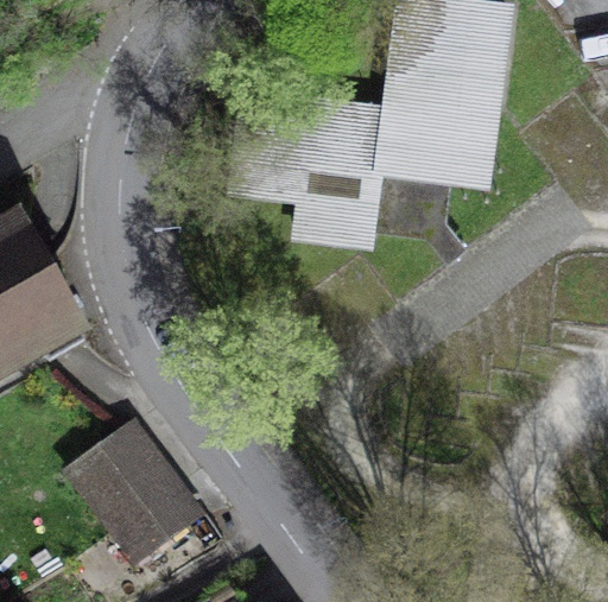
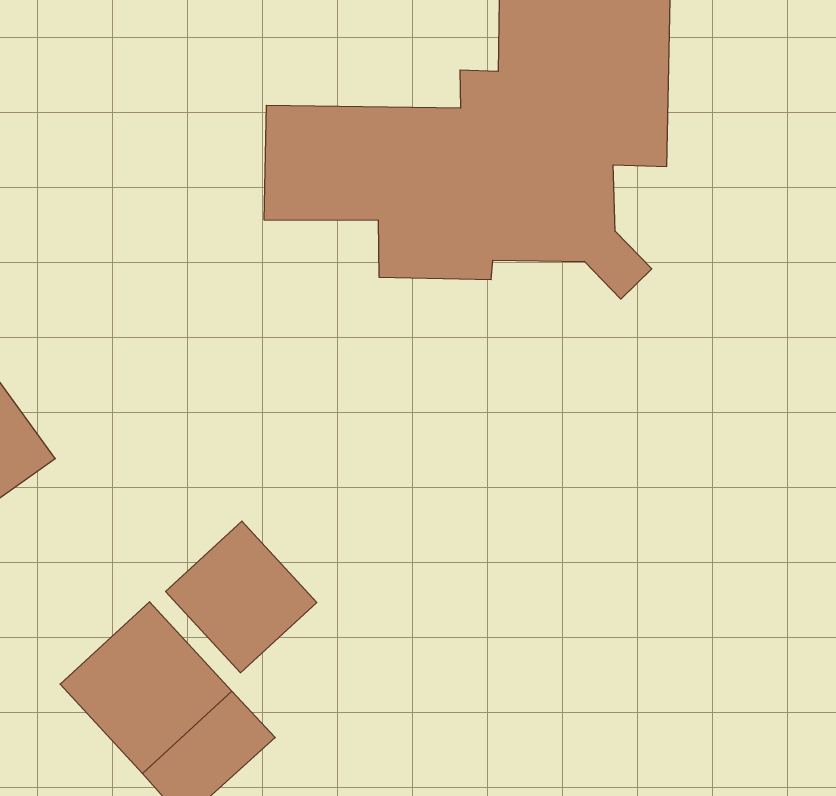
building: none -> [166,521,317,673]

